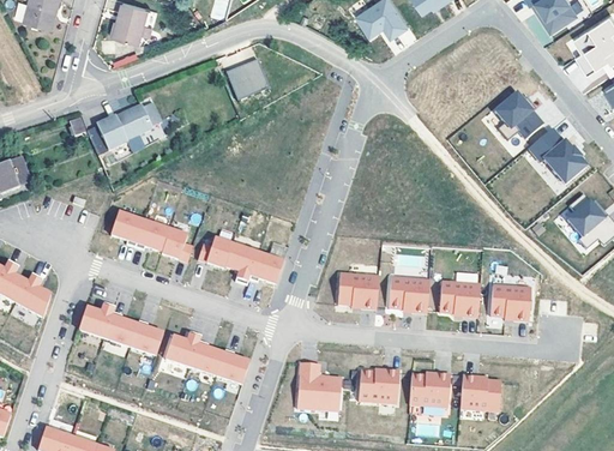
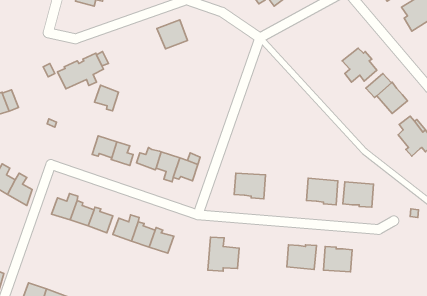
building: [110,210,144,246] -> [95,85,118,111]
building: [387,276,431,313] -> none
building: [360,368,401,403] -> none

